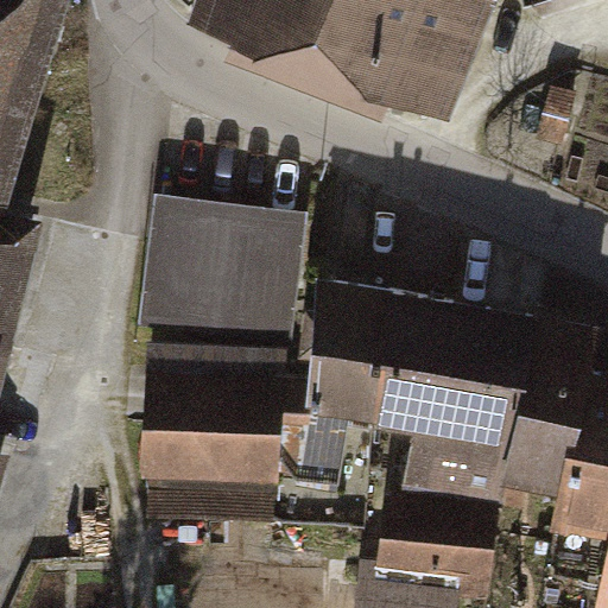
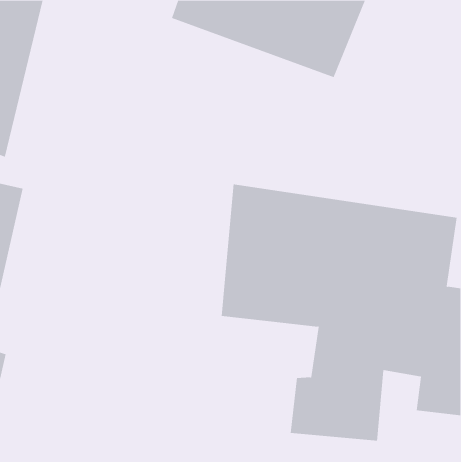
building: [142,197,300,346] -> none
building: [141,350,352,528] -> none

